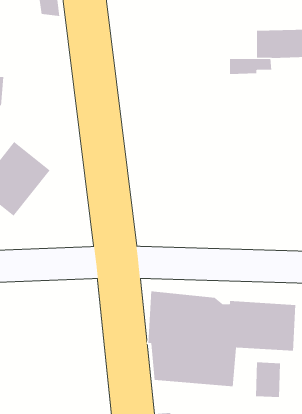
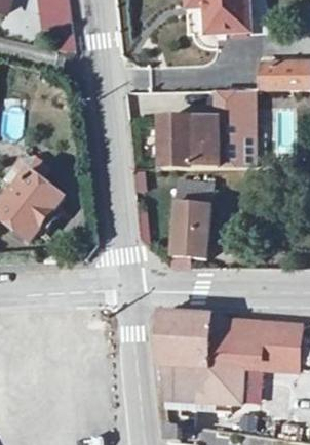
building: none -> [161,117,274,168]
building: none -> [170,179,214,268]

